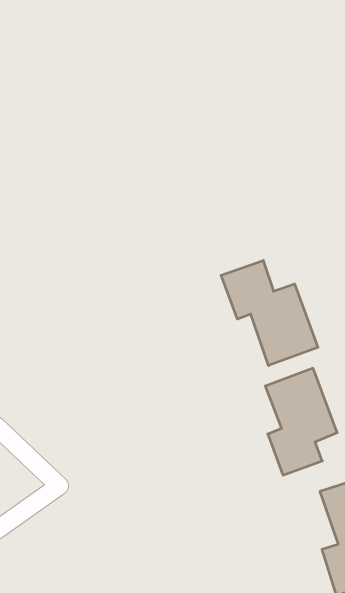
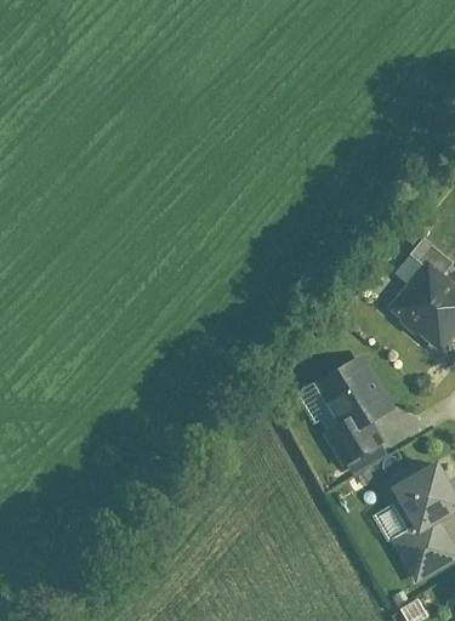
building: [221,260,318,366] -> none

